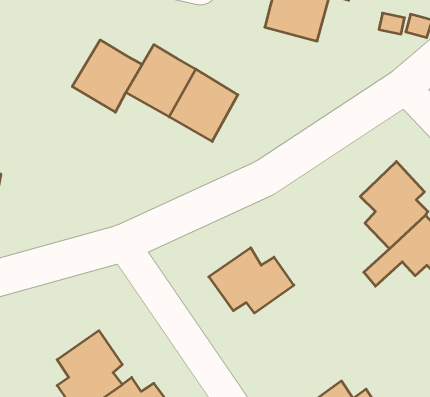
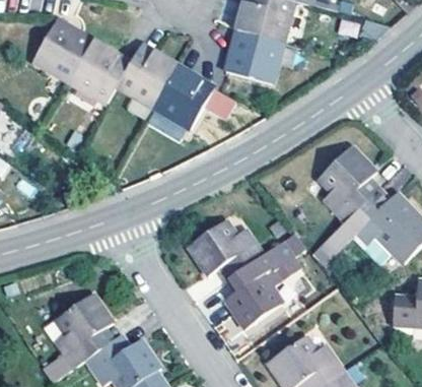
building: none -> [32,19,93,81]
building: none -> [225,29,282,83]
building: none -> [223,240,301,329]

